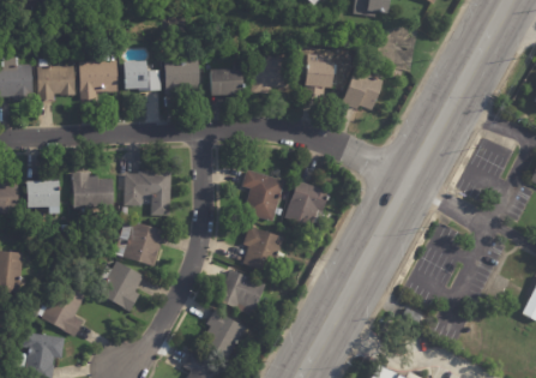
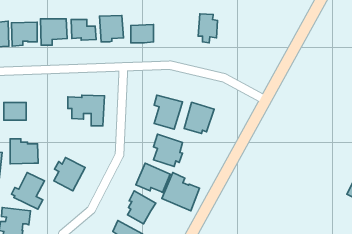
building: [252,55,291,92] -> none
building: [342,70,383,108] -> none
building: [73,172,114,208] -> [10,139,38,164]
building: [115,218,165,266] -> none
building: none -> [162,173,199,211]

